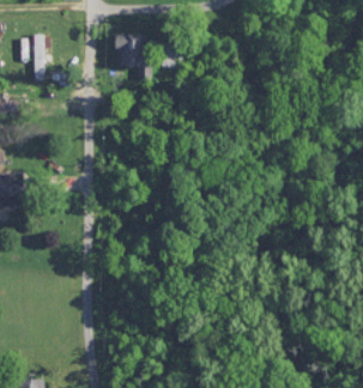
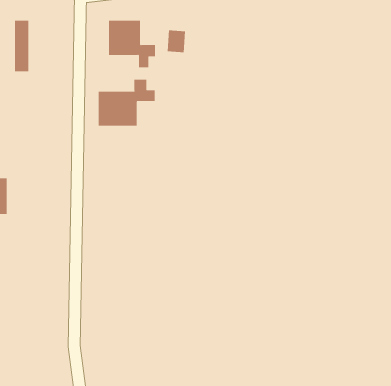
building: none -> [98,79,155,127]

